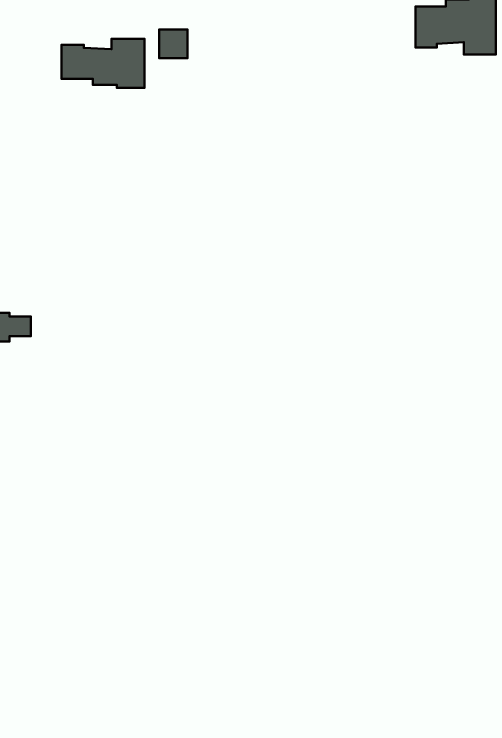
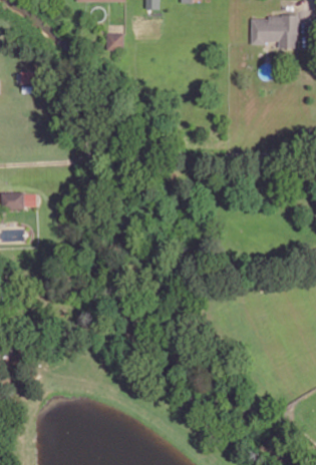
building: [62,39,145,88] -> none

